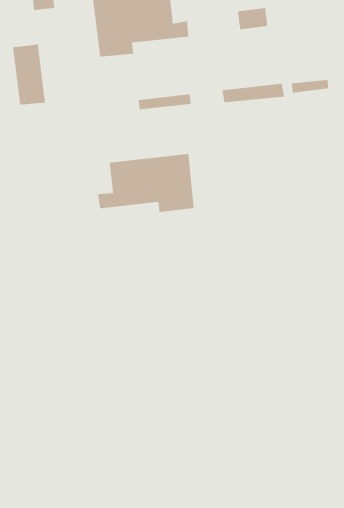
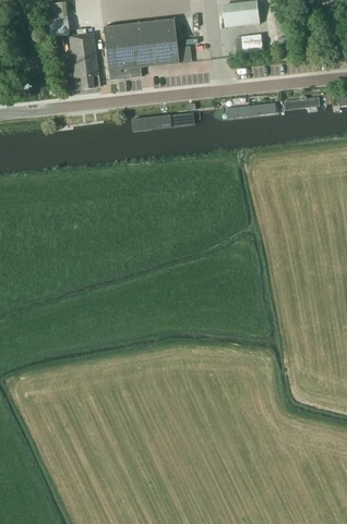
building: [12,43,46,106] -> [69,32,99,88]
building: [97,153,195,213] -> none

